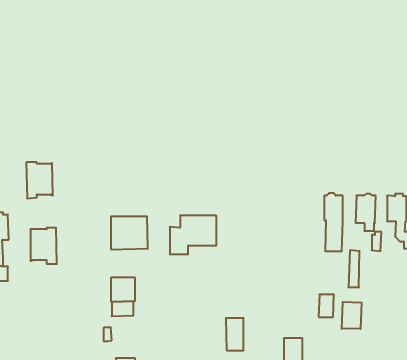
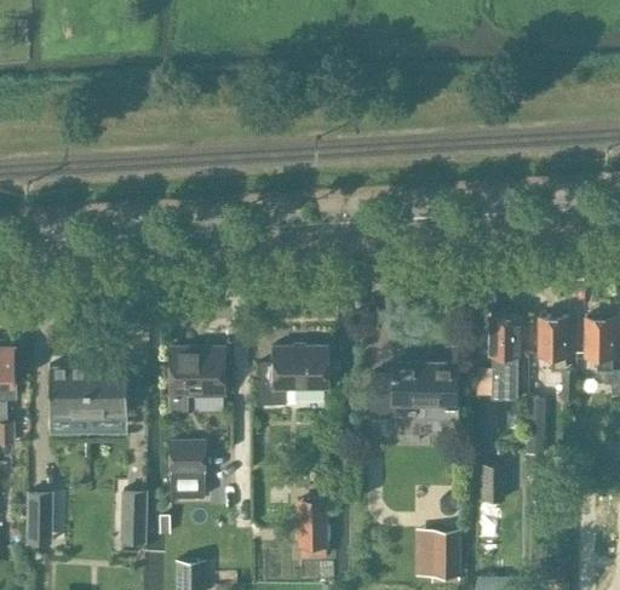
building: [26,162,53,198] -> [87,367,127,422]
building: none -> [372,365,458,419]
building: [342,302,362,329] -> none
building: none -> [121,493,145,531]
building: none -> [29,496,52,546]
building: [226,318,244,350] -> [298,504,325,552]

